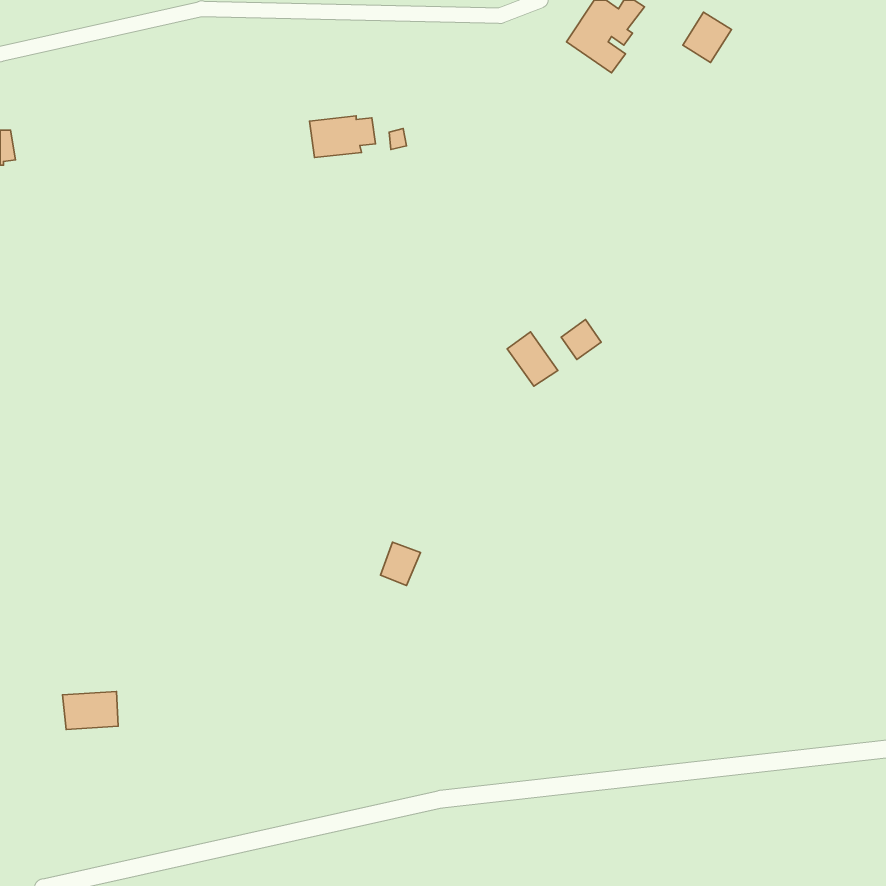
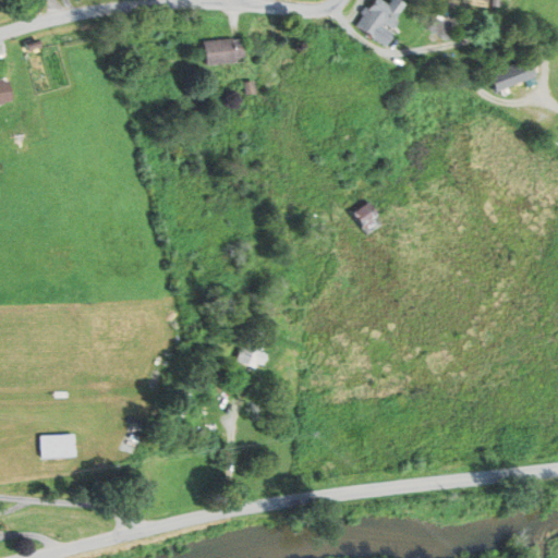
building: none -> [489,60,536,93]
building: [309,116,375,158] -> [203,39,244,65]
building: [507,332,558,386] -> none

